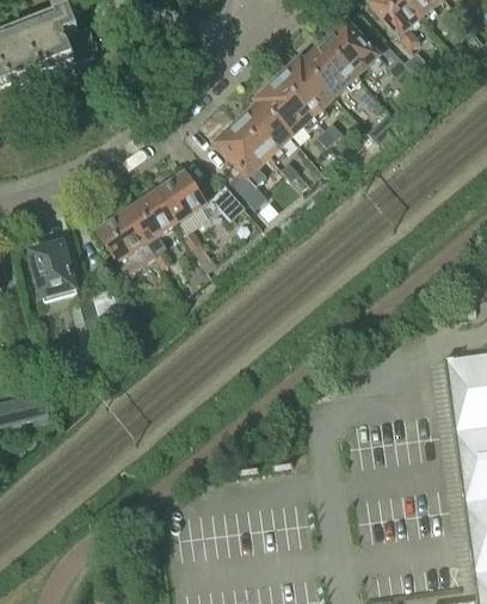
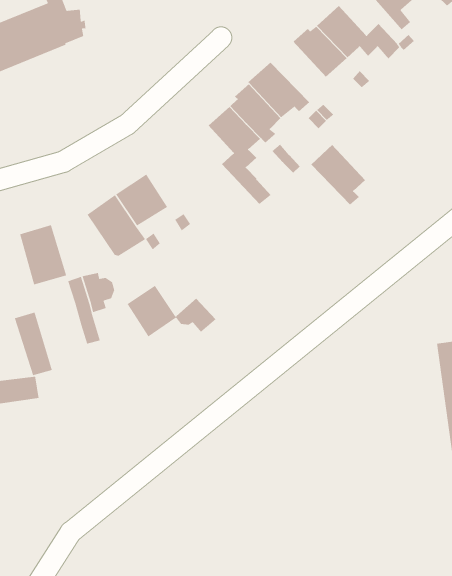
building: [279,58,334,119] -> [310,144,366,205]
building: [156,171,246,223] -> [126,285,217,338]
building: none -> [14,312,53,376]

